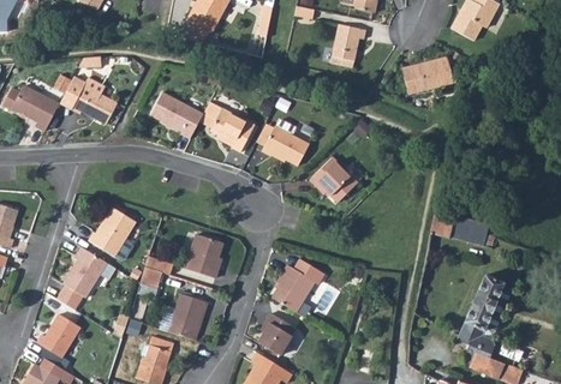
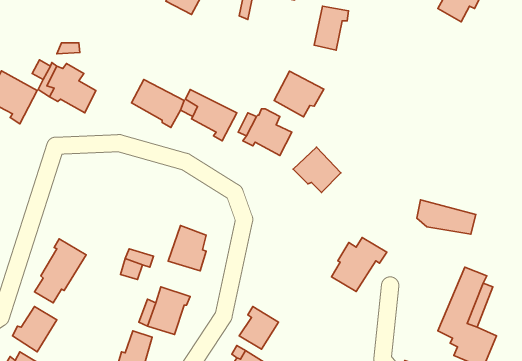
building: [401,54,454,90] -> none
building: none -> [274,71,324,117]
building: [90,209,137,260] -> none
building: [273,262,327,314] -> [332,238,387,291]

